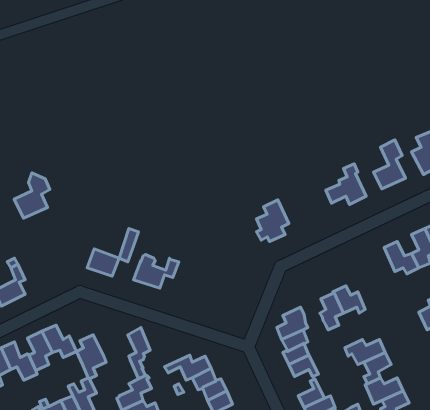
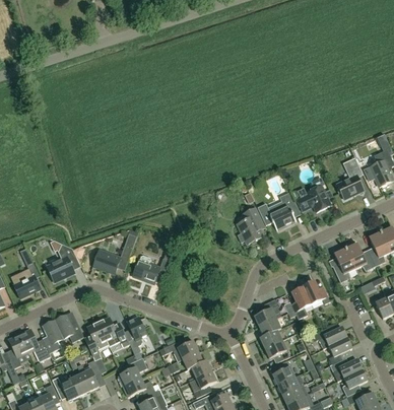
building: [14,173,50,218] -> [46,243,76,281]
building: none -> [257,191,299,229]
building: none -> [333,248,354,282]
building: none -> [97,317,129,347]

